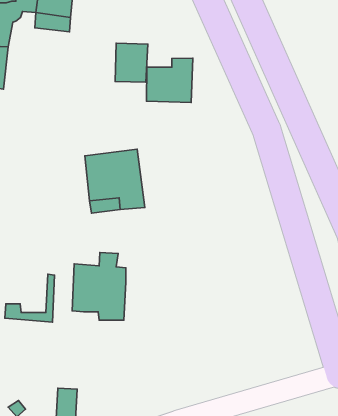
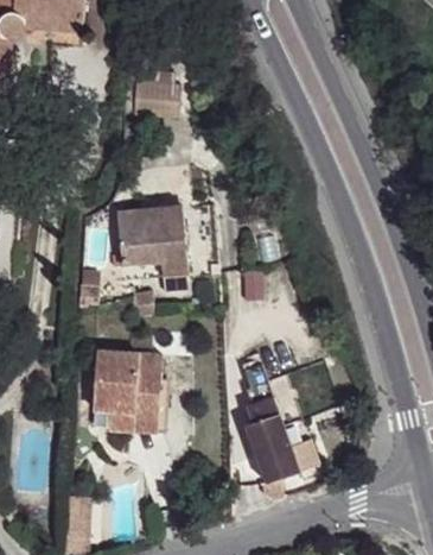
building: [146,58,193,102] -> none
building: [5,274,55,322] -> [104,366,166,425]
building: none -> [240,361,301,481]

